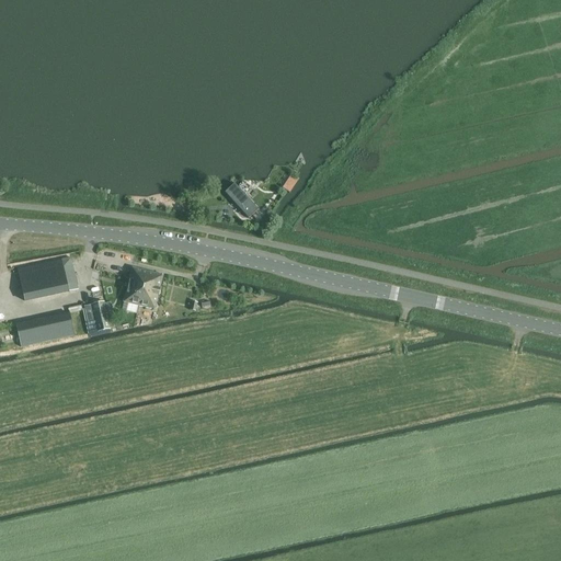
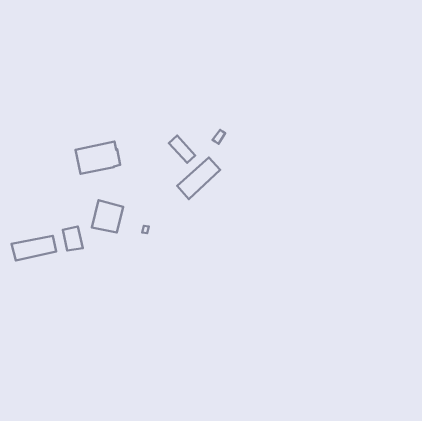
building: none -> [177,158,220,199]
building: [18,256,77,299] -> [76,142,120,174]

